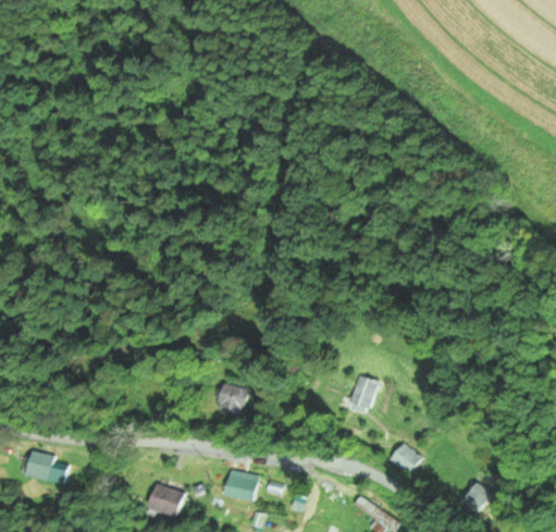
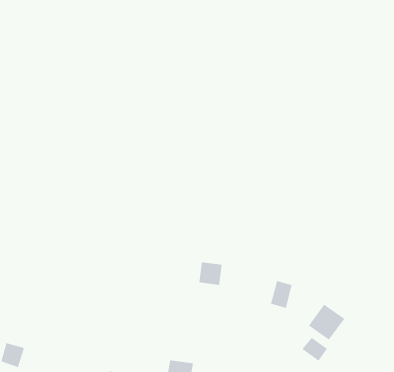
building: [217,385,246,413] -> [198,262,223,285]
building: none -> [308,304,345,340]

